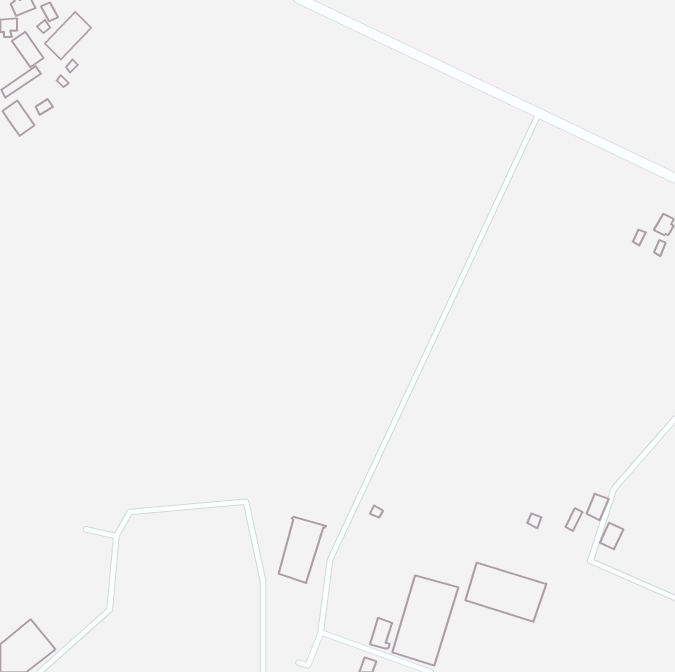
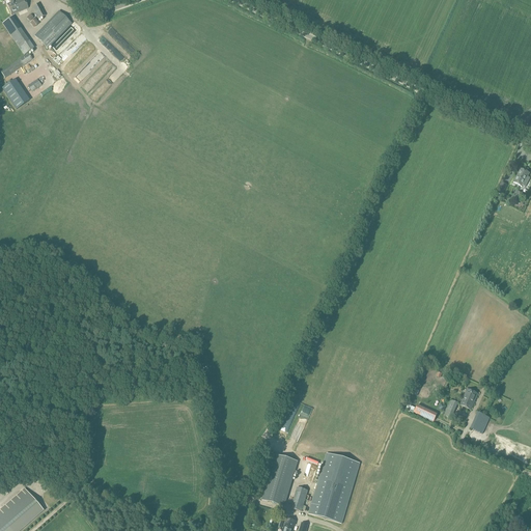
building: [279,517,326,583] -> [262,454,300,506]
building: [465,563,546,622] -> none

